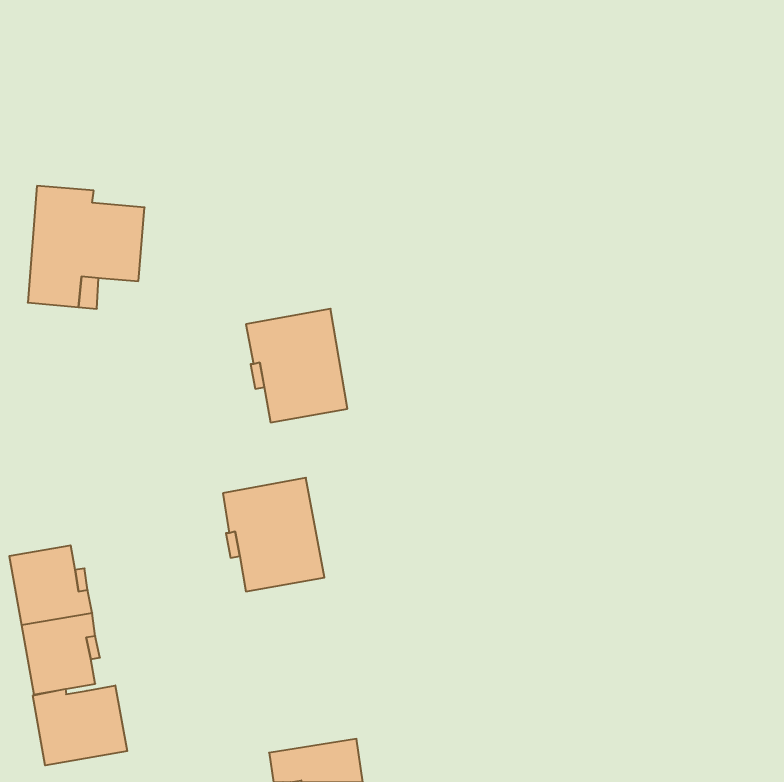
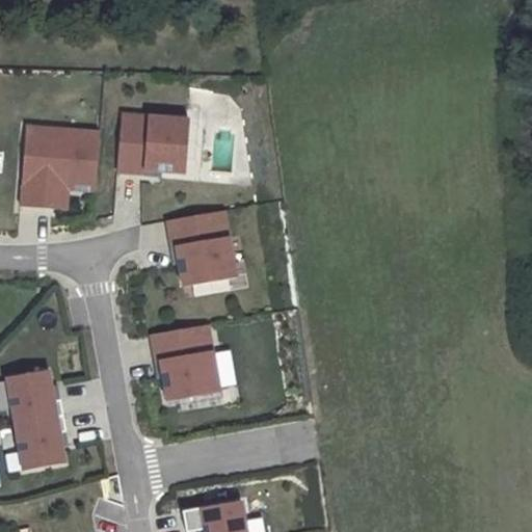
building: none -> [117,113,189,172]
building: [33,685,127,765] -> none

